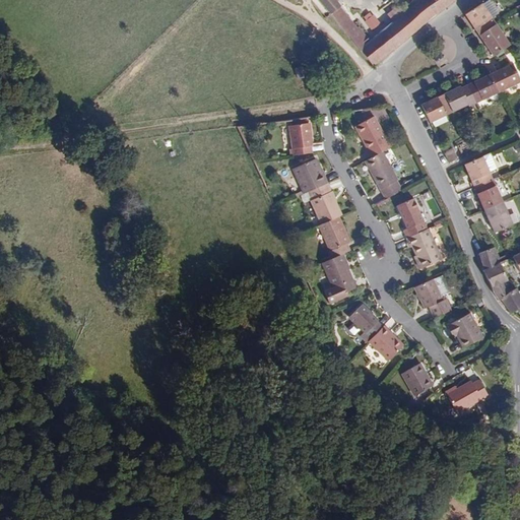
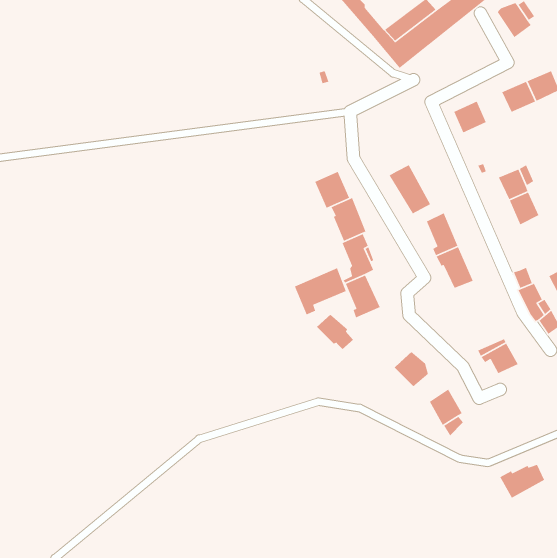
building: [479,23,510,55] -> none
building: [445,85,476,114] -> none
building: [354,118,390,158] -> none
building: [288,119,312,155] -> none
building: [484,200,513,231] -> none
building: none -> [294,267,347,315]
building: [414,279,451,317] -> none
building: [348,303,384,336] -> [316,314,355,350]
building: [441,381,483,413] -> [499,464,545,499]

